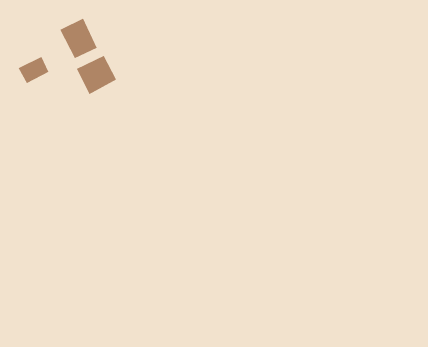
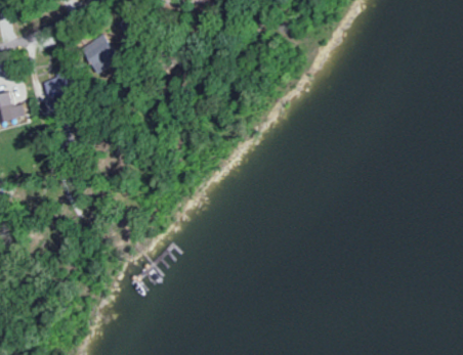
building: [76,55,117,95] -> none

